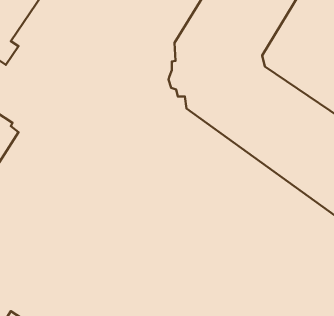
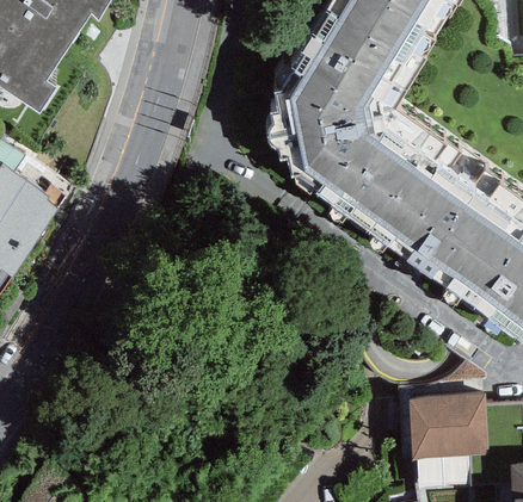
building: none -> [408,391,487,457]

